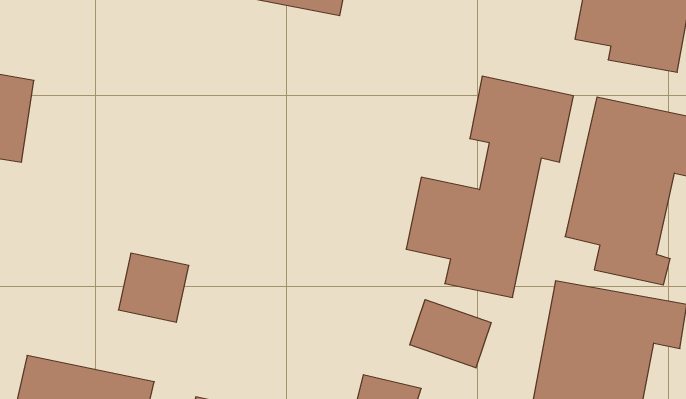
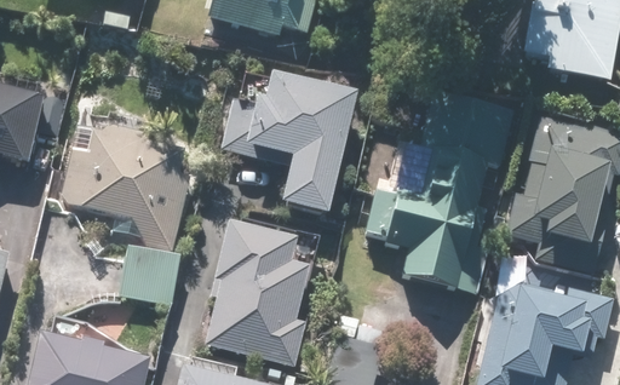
building: none -> [252,74,354,217]
building: none -> [64,108,195,248]
building: none -> [199,228,309,367]
building: [410,300,491,368] -> none

